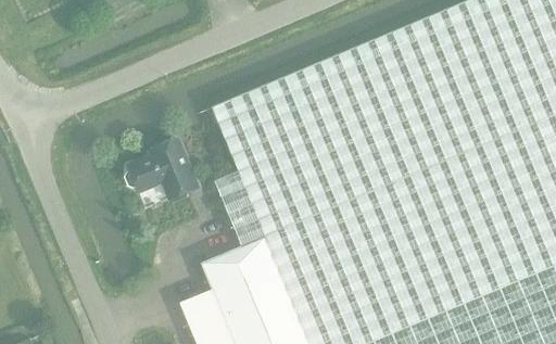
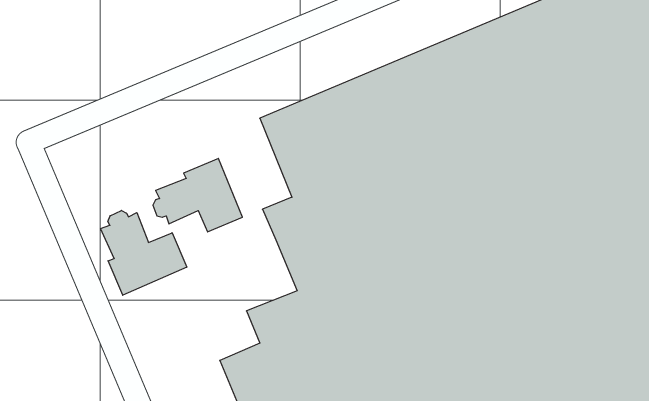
building: none -> [101,210,187,295]

